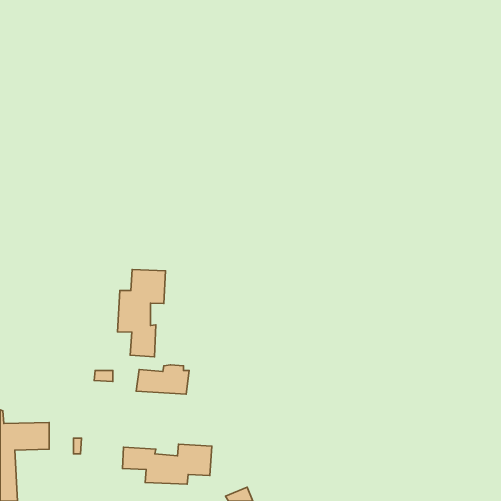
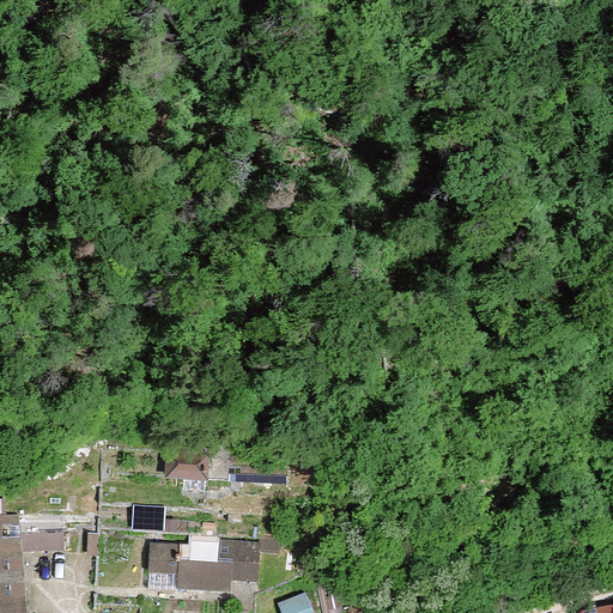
building: [117,269,165,357] -> none

